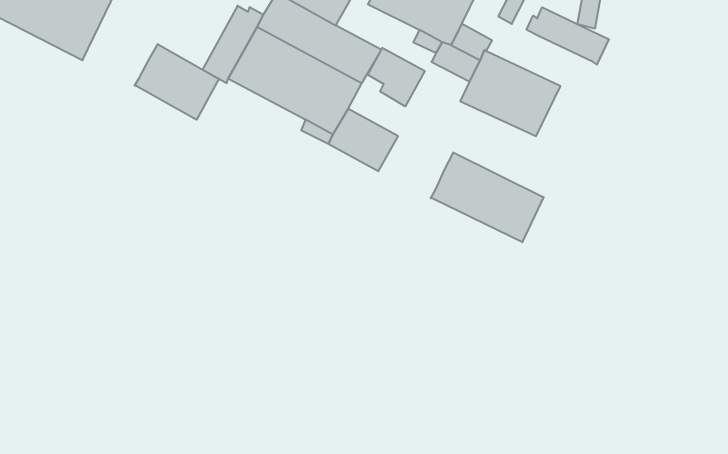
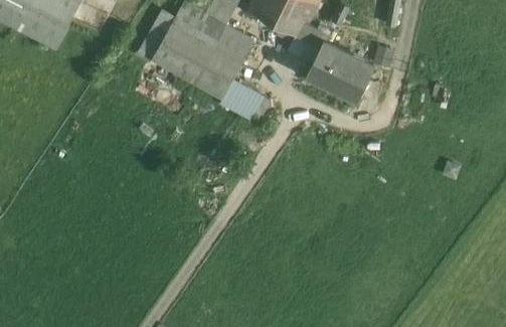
building: [527,7,609,65] -> none
building: [135,44,219,120] -> none
building: [368,48,425,106] -> none
building: [431,152,544,242] -> none

